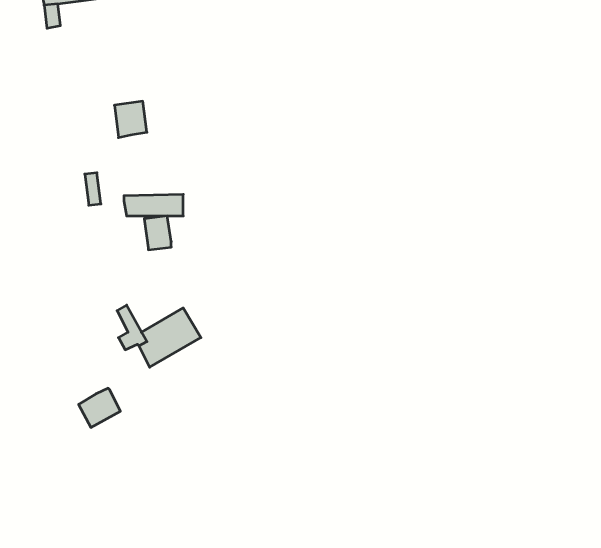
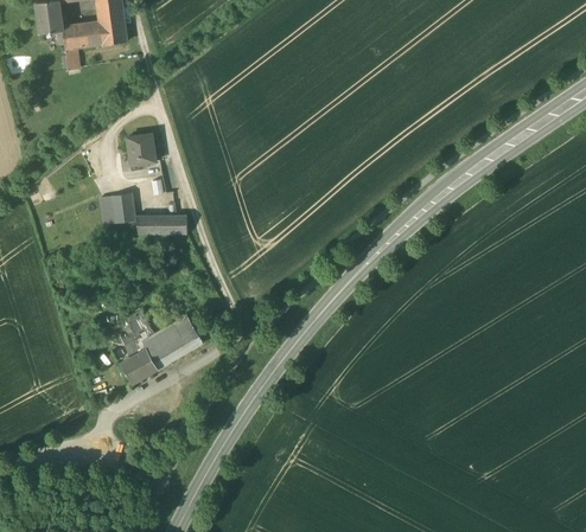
building: [144,216,171,250] -> [110,194,134,224]
building: [79,388,120,427] -> [120,347,157,382]

